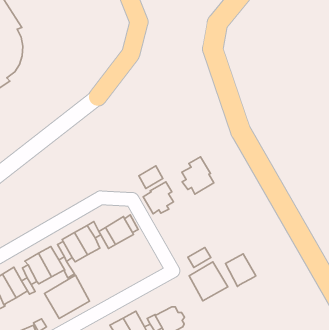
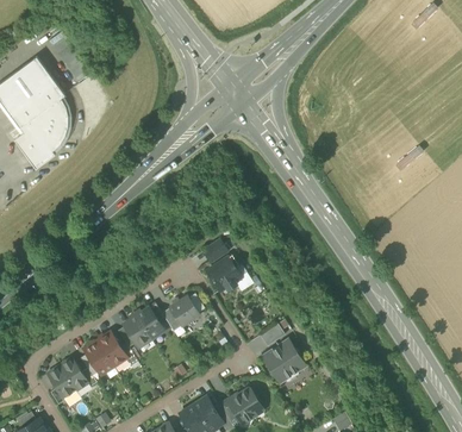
building: [182,157,214,194] -> none
building: [225,254,256,286] -> none
building: [44,275,89,318] -> none

